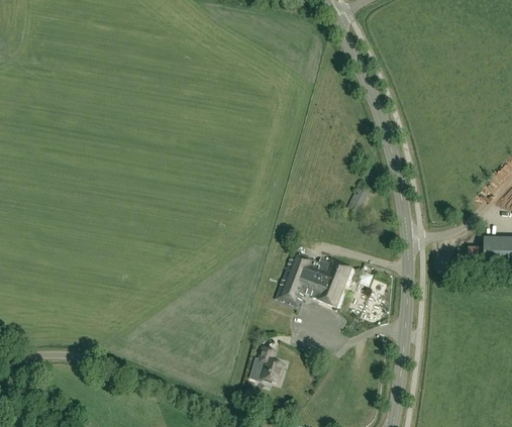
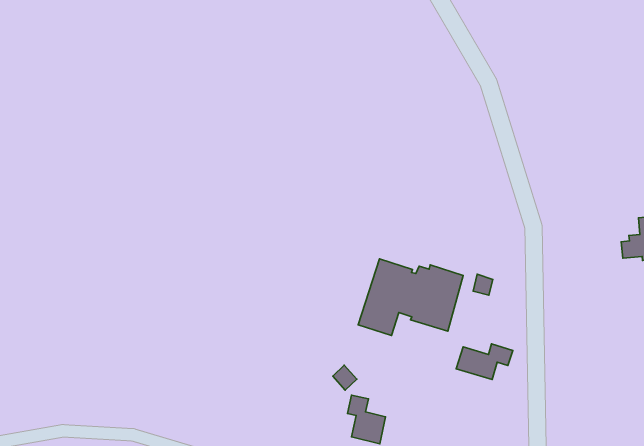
building: none -> [456,344,513,380]

